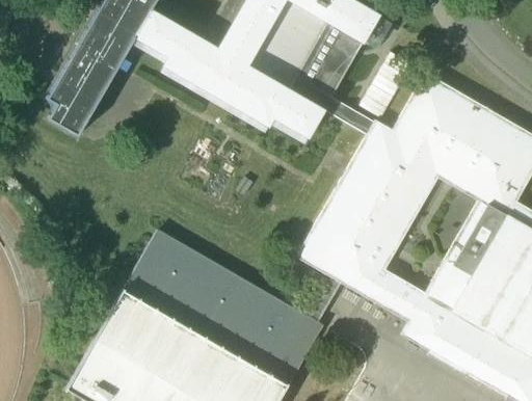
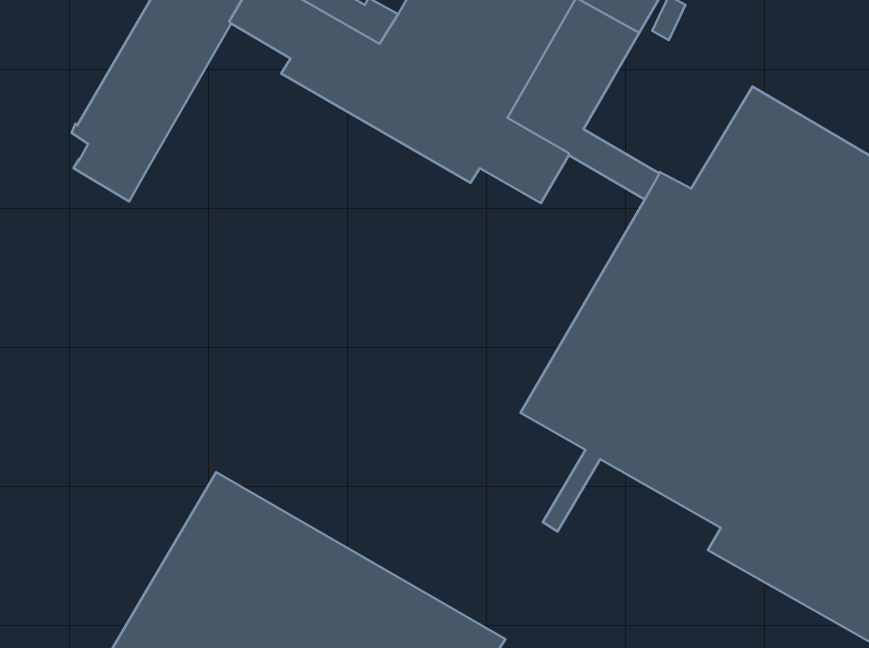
building: [126,231,322,383] -> none

